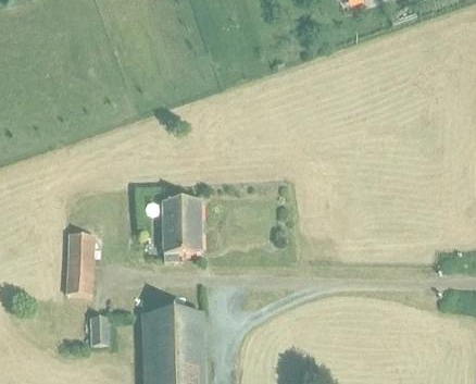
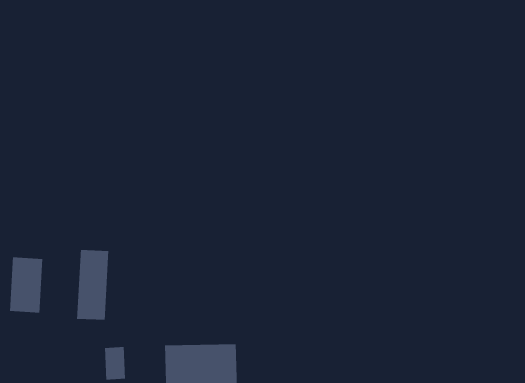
building: [162,199,201,260] -> none
building: none -> [9,256,43,314]

